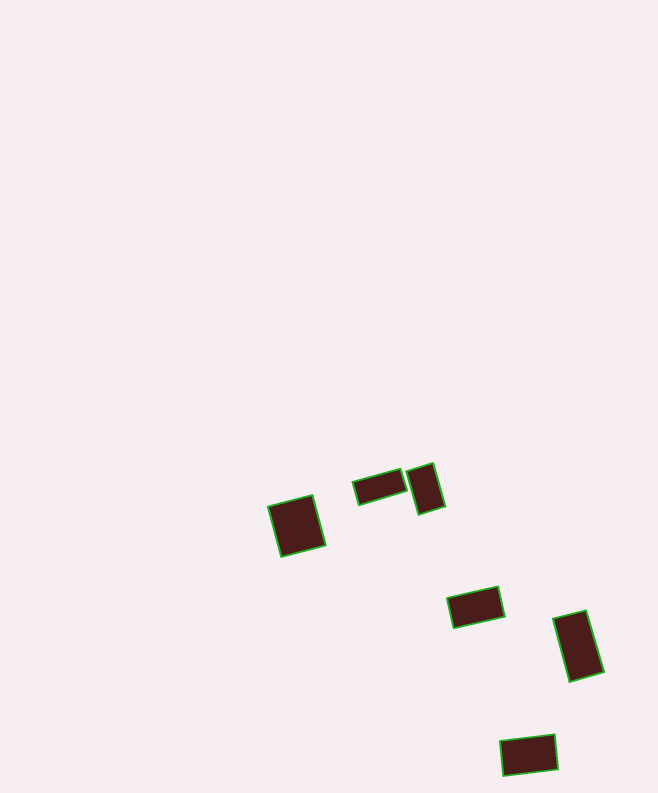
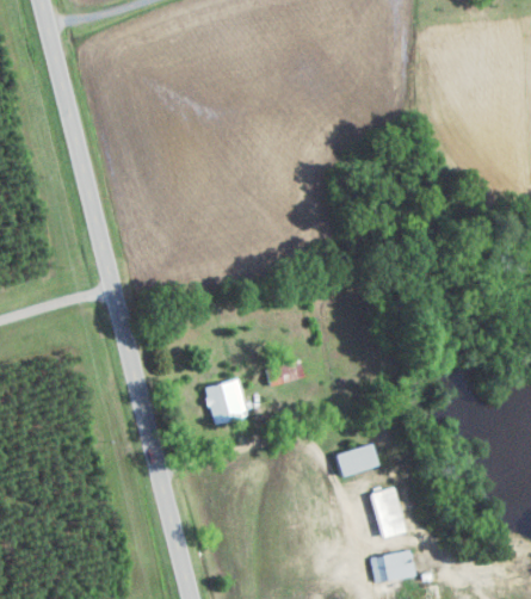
building: [406,463,445,515] -> none
building: [553,610,604,682] -> [370,488,407,539]

